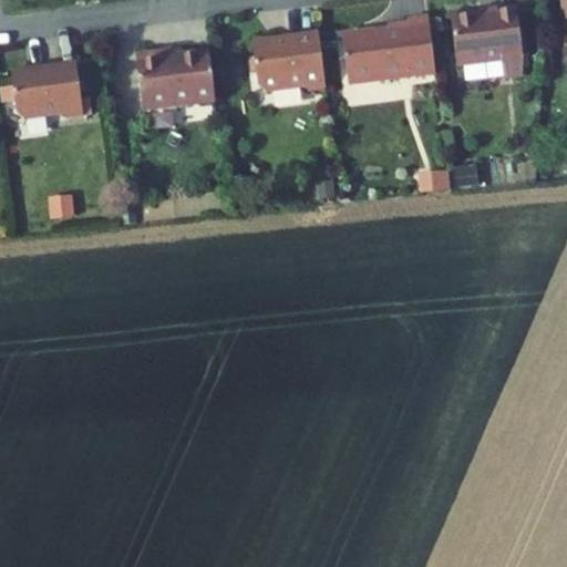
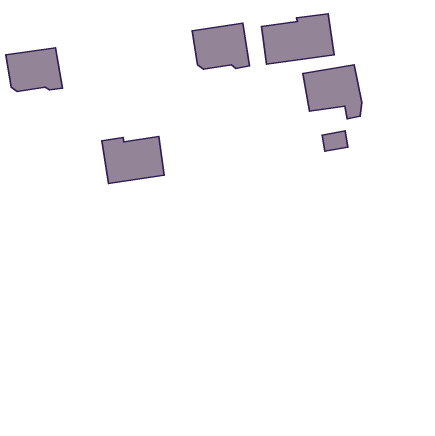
building: [454,12,530,82] -> [303,65,362,119]
building: [134,49,215,110] -> [102,137,164,184]

